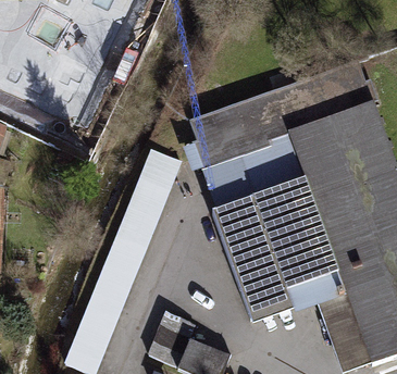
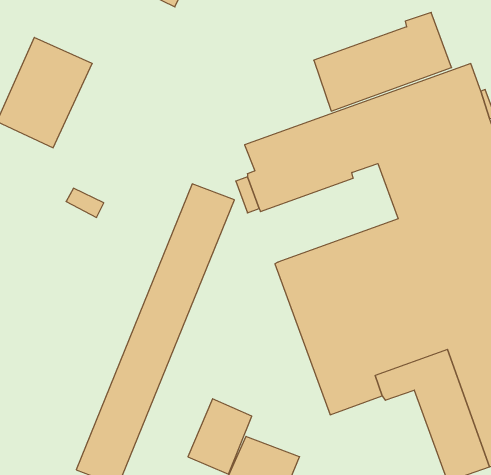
building: [201,133,305,207] -> [314,12,452,111]

